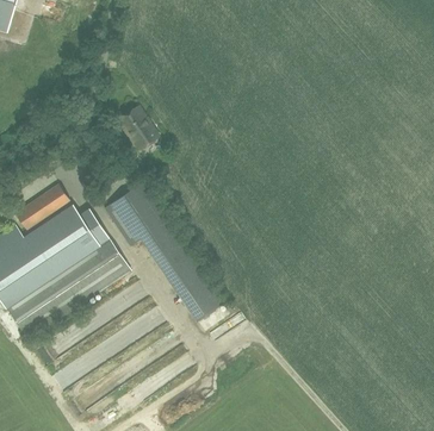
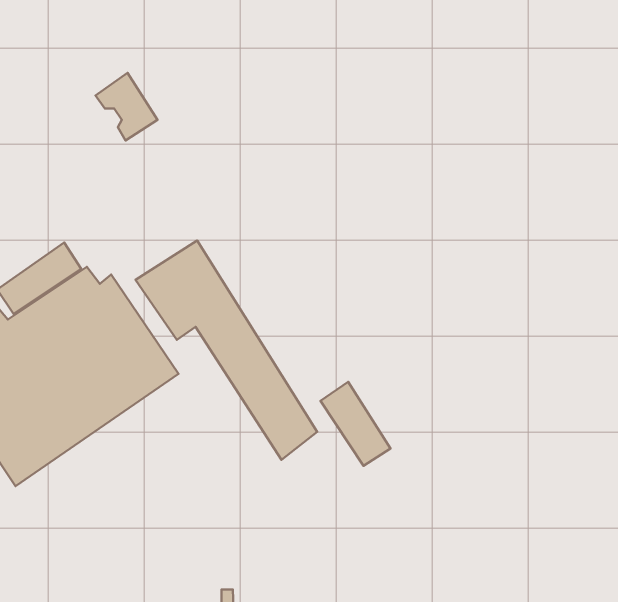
building: [117,107,156,150] -> [95,73,157,140]
building: none -> [320,382,390,466]

